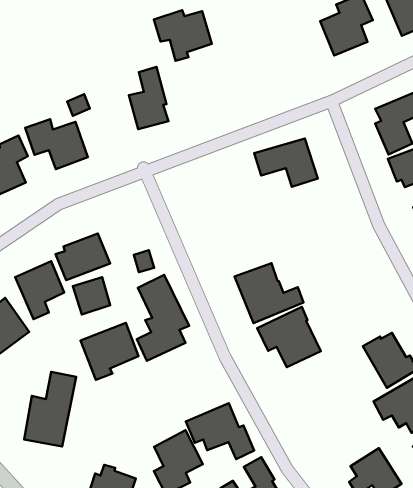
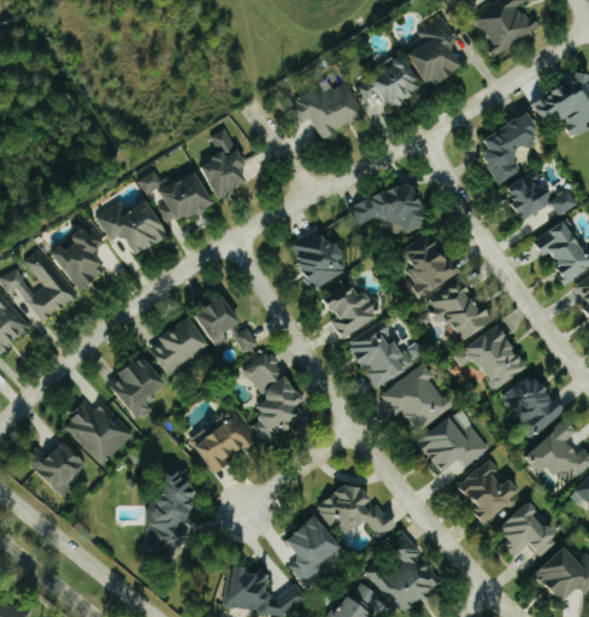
building: [154,10,212,61] -> [293,83,359,141]
building: none -> [360,57,414,110]
building: none -> [159,172,216,228]
building: none -> [291,229,346,289]
building: none -> [394,233,452,298]
building: none -> [326,280,378,339]
building: none -> [422,284,487,339]
building: [73,277,110,314] -> [199,298,242,341]
building: none -> [449,325,524,392]
building: none -> [419,417,489,474]
building: none -> [459,459,522,525]

